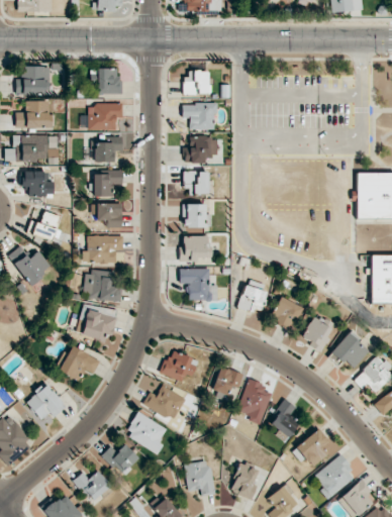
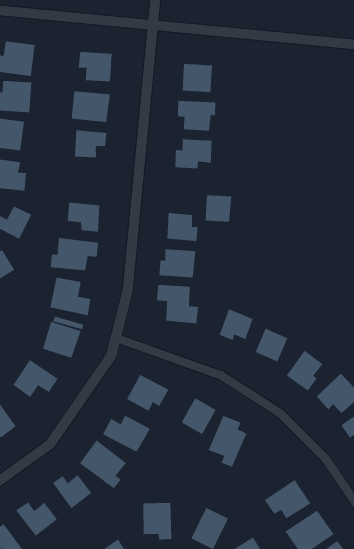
building: [185,171,208,195] -> [205,195,232,222]
building: [94,172,123,197] -> none
building: [269,399,299,436] -> none

